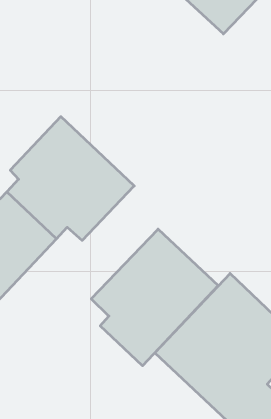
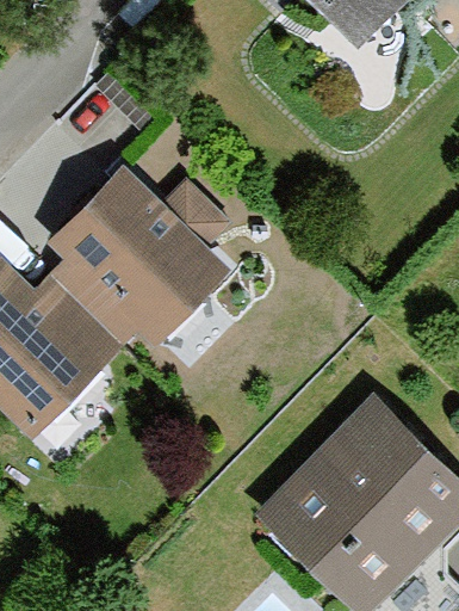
building: [91,229,218,366] -> none

